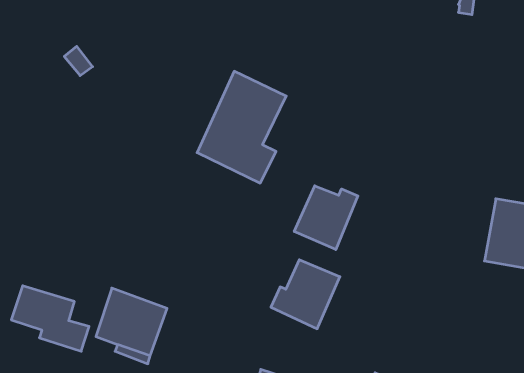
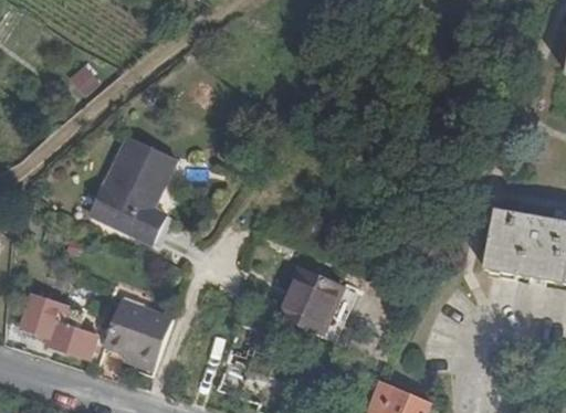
building: [197,71,286,183] -> [90,136,177,245]
building: [294,186,358,250] -> none

